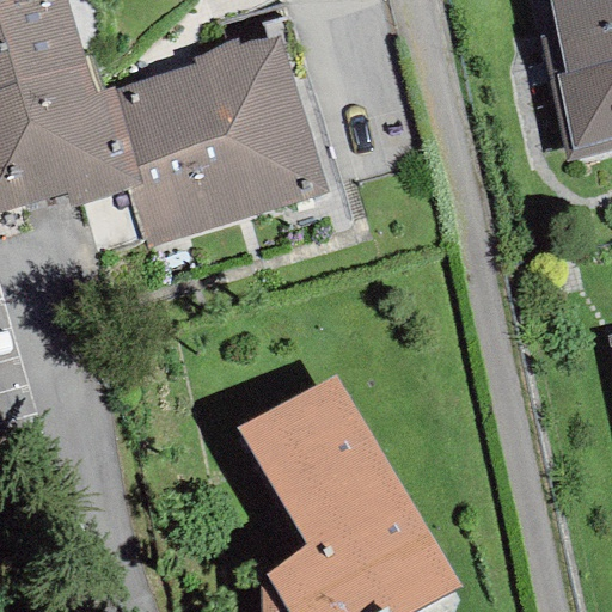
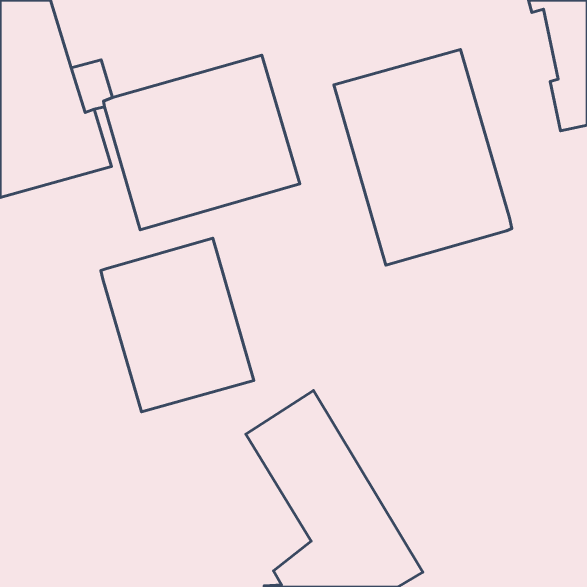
building: none -> [334,49,512,265]
building: none -> [101,238,254,412]

